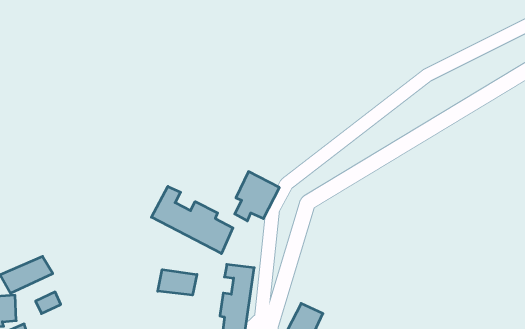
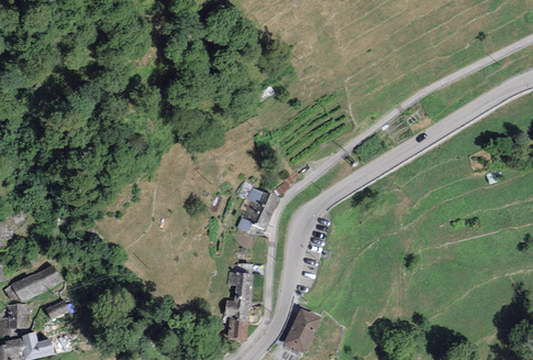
building: [151,186,233,254] -> none
building: [158,270,197,295] -> none

